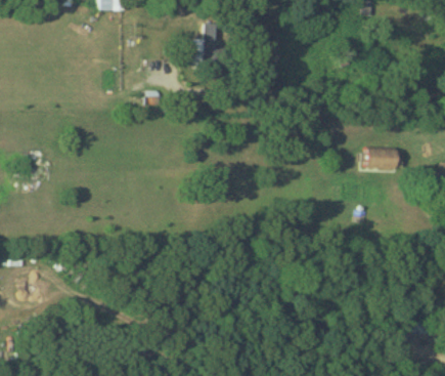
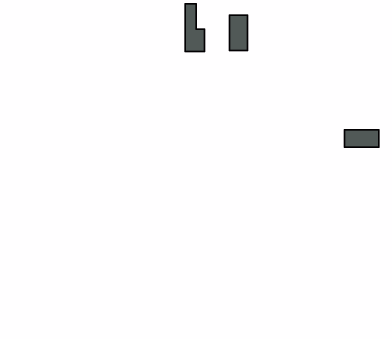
building: none -> [230,15,248,50]

